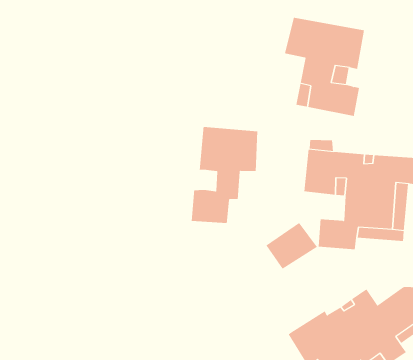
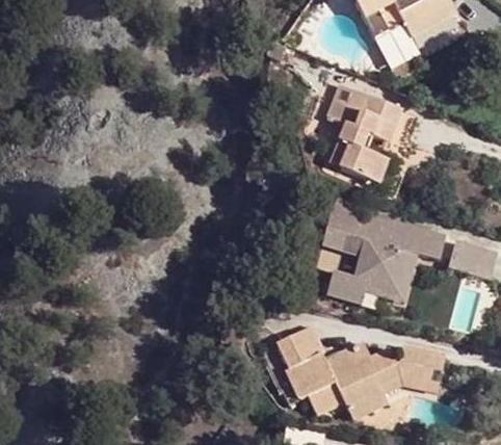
building: [191,126,258,224] -> none
building: [265,222,318,269] -> [276,330,323,369]

